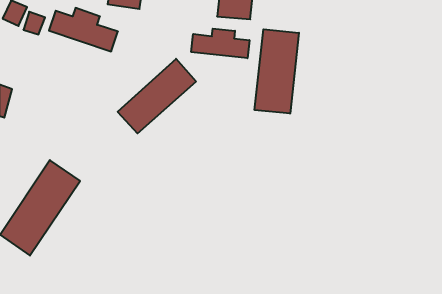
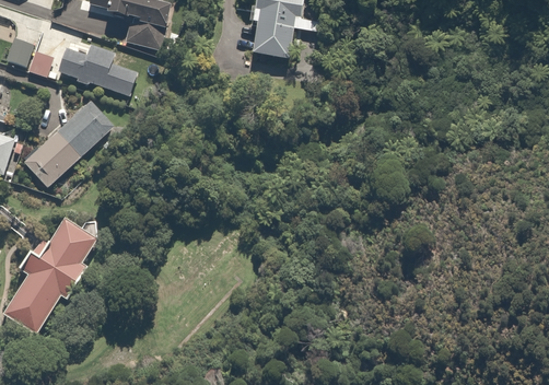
building: [191,29,249,58] -> none
building: [255,29,299,114] -> none
building: [118,59,196,133] -> [22,101,113,187]

